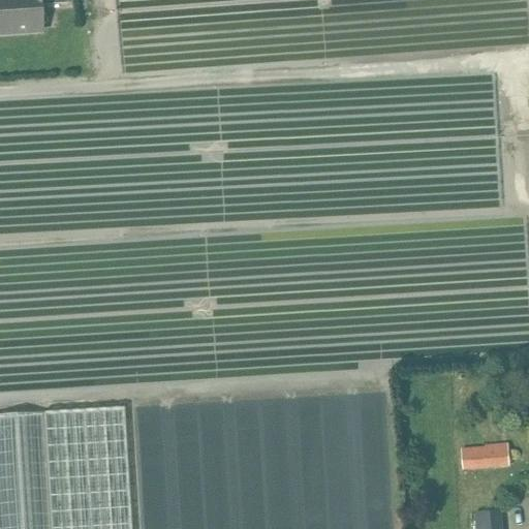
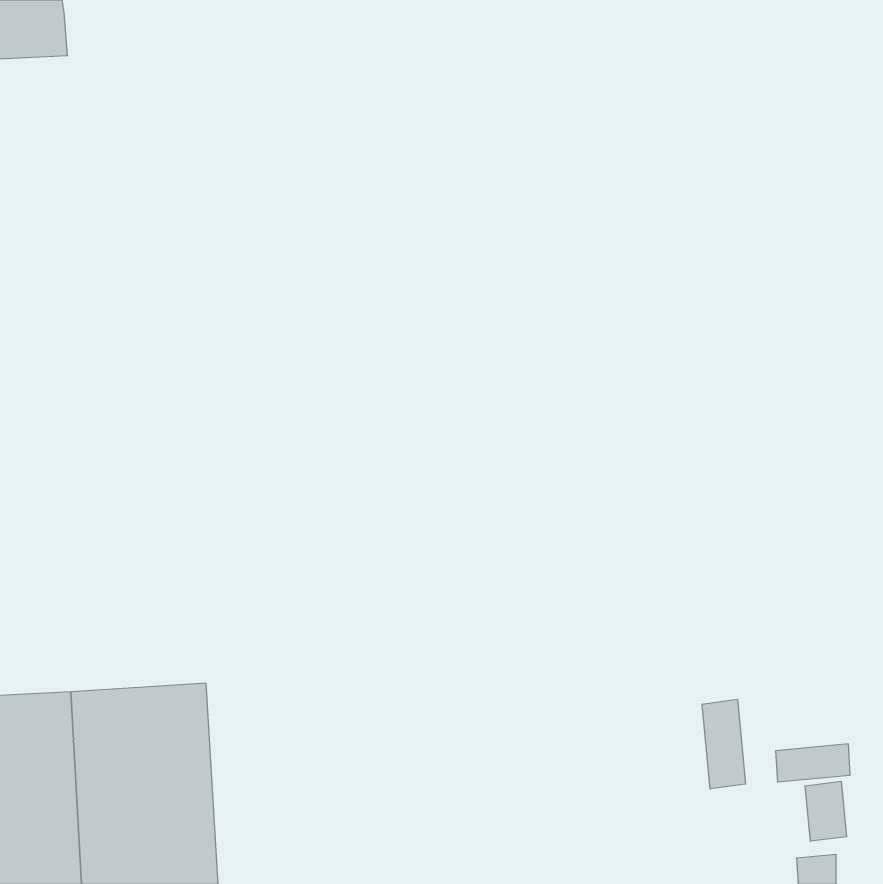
building: none -> [702,699,746,789]
building: none -> [805,781,846,841]

